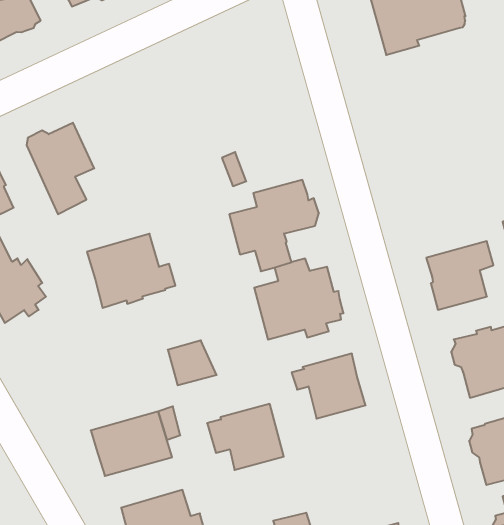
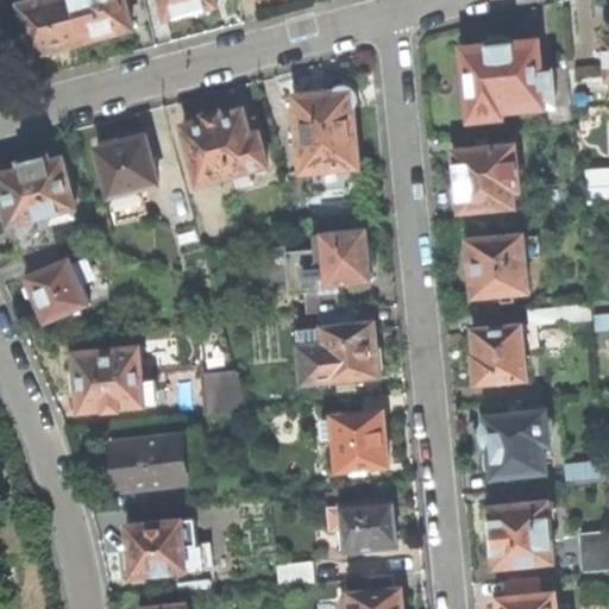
building: none -> [291,87,357,171]
building: none -> [451,144,519,211]
building: none -> [180,108,265,184]
building: none -> [462,234,538,302]
building: [87,234,175,308] -> [71,346,153,412]
building: [207,404,284,470] -> [325,498,395,558]

